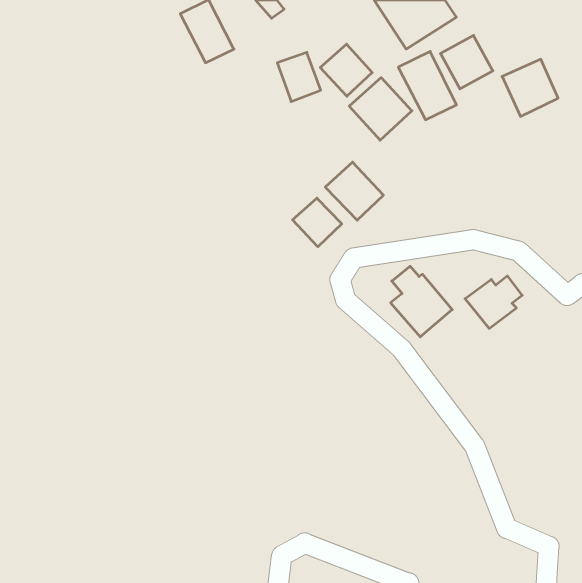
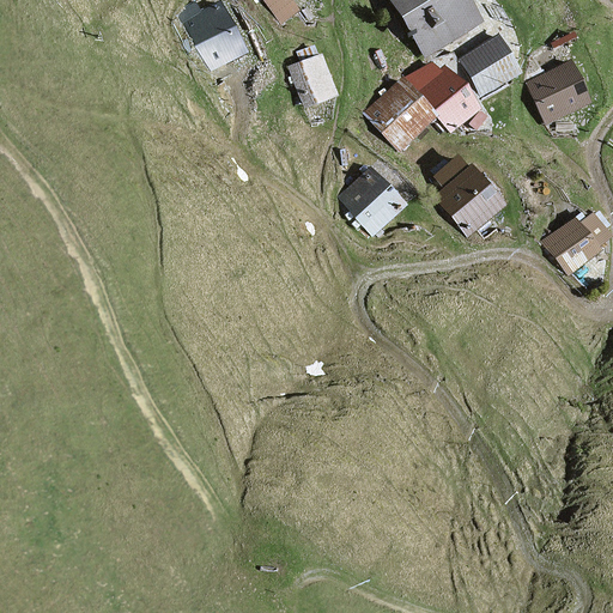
building: [320,44,372,96] -> none
building: [293,198,342,247] -> none
building: [391,266,452,337] -> [437,159,502,233]
building: [465,276,522,328] -> [545,217,605,272]

